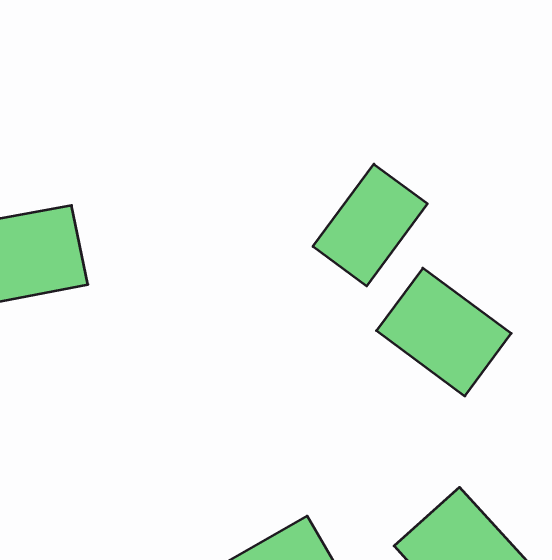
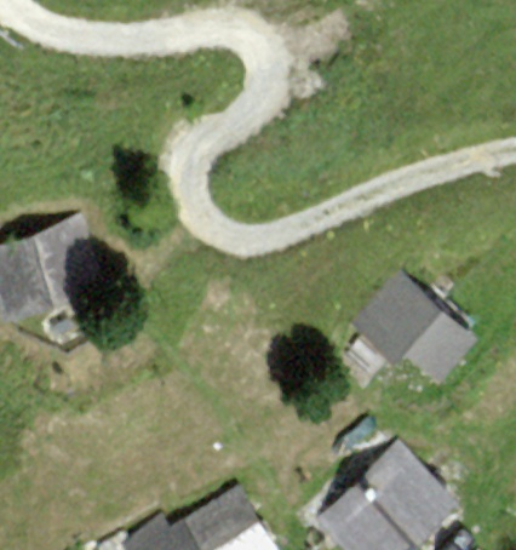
building: [313,164,427,286] -> none

